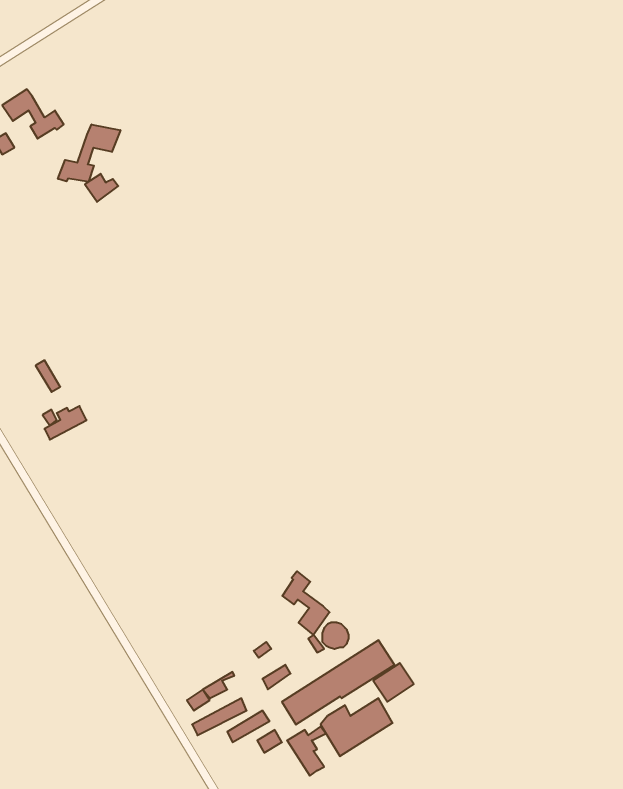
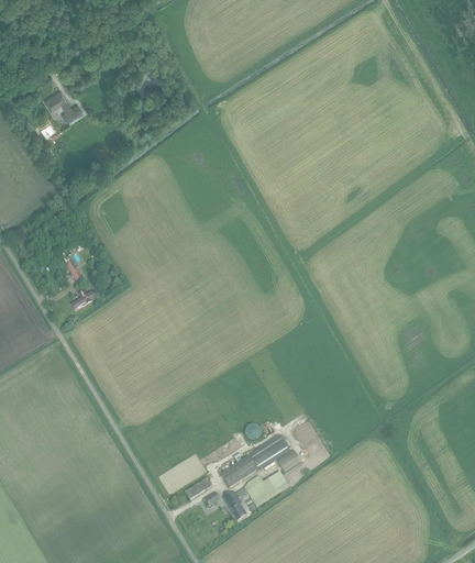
building: [58,124,120,182] -> none
building: [282,571,330,635] -> none

